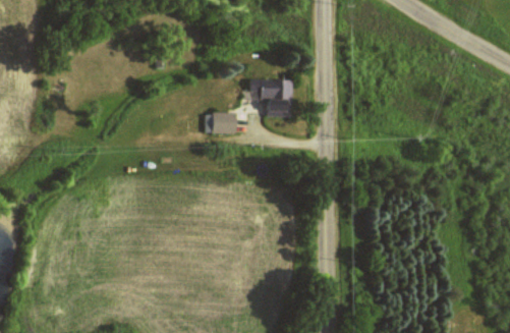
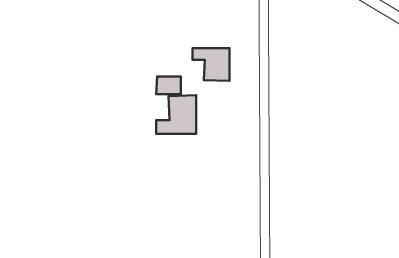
building: none -> [156,95,196,134]

